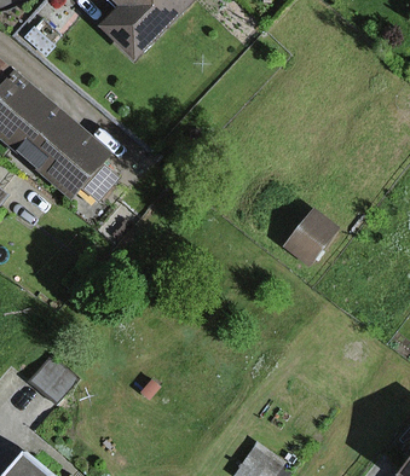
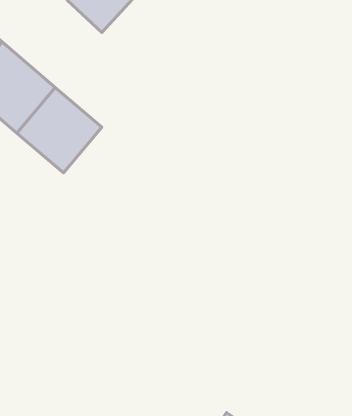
building: [284,211,333,262] -> none

